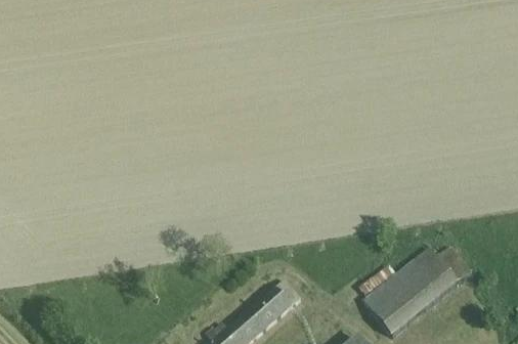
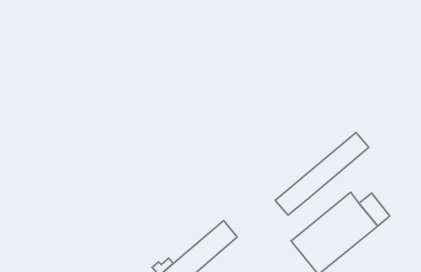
building: none -> [275,133,369,215]

